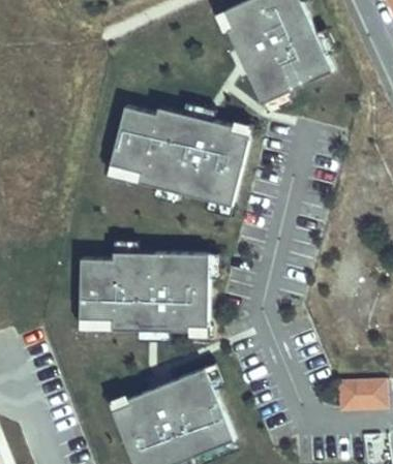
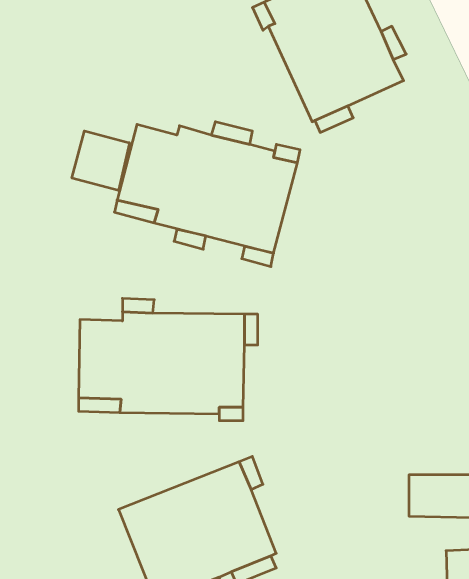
building: none -> [72,131,129,190]

